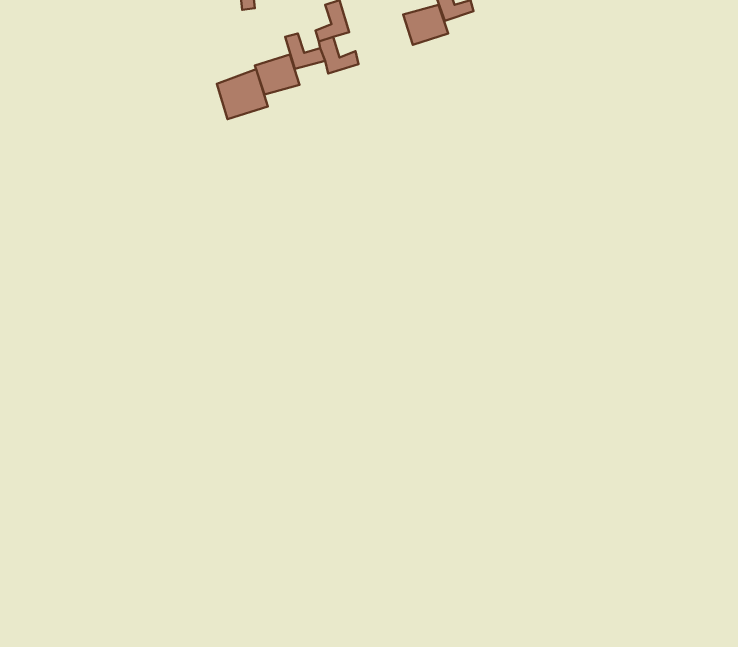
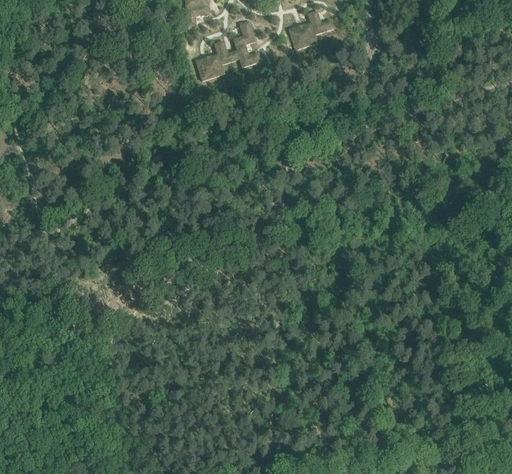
building: [217,69,268,119] -> none

